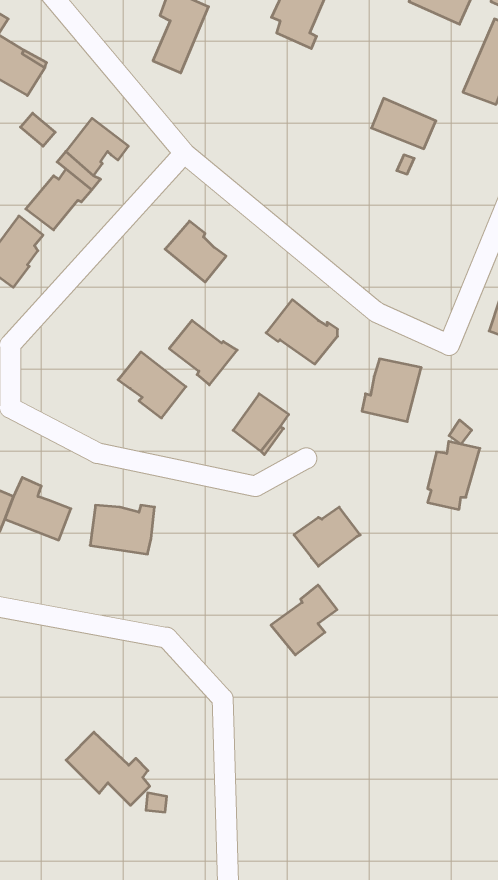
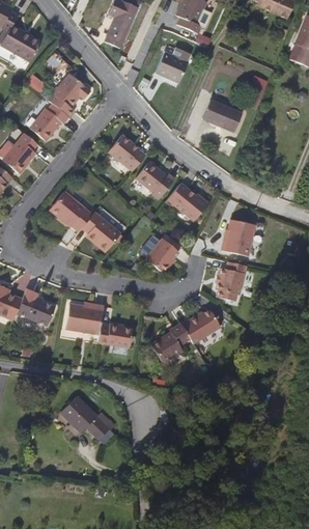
building: none -> [153,52,185,83]
building: [371,98,436,149] -> [201,101,240,131]
building: none -> [51,194,86,227]
building: [169,320,237,385] -> [140,163,180,201]
building: [428,441,480,509] -> [222,261,253,302]
building: none -> [97,323,135,347]
building: [271,585,337,655] -> [158,322,197,363]
building: [66,732,150,805] -> [59,396,109,440]

